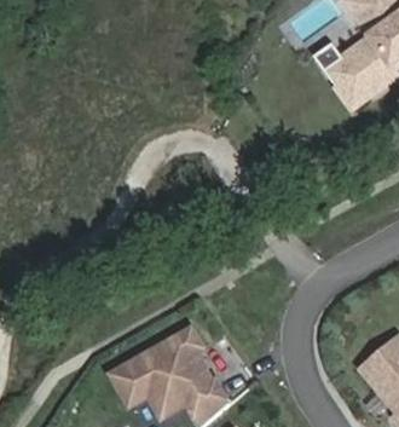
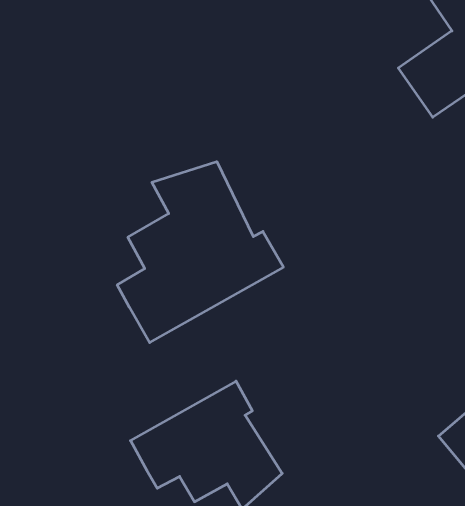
building: none -> [117,162,283,343]

